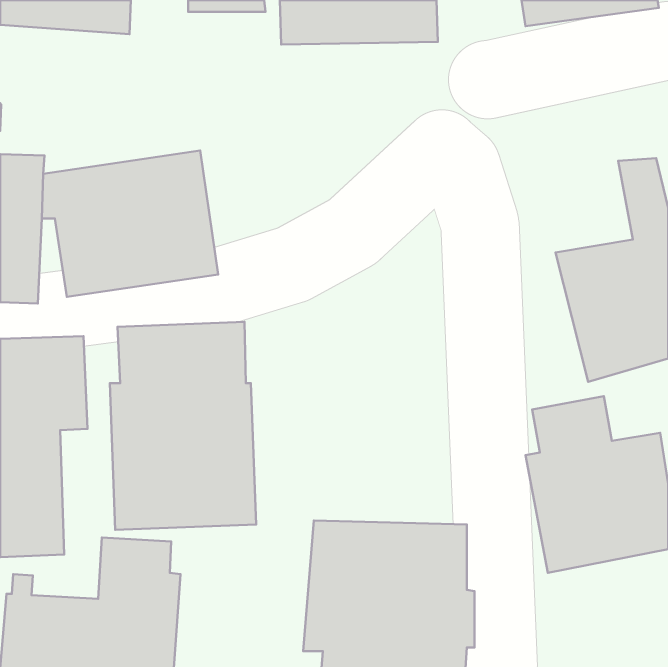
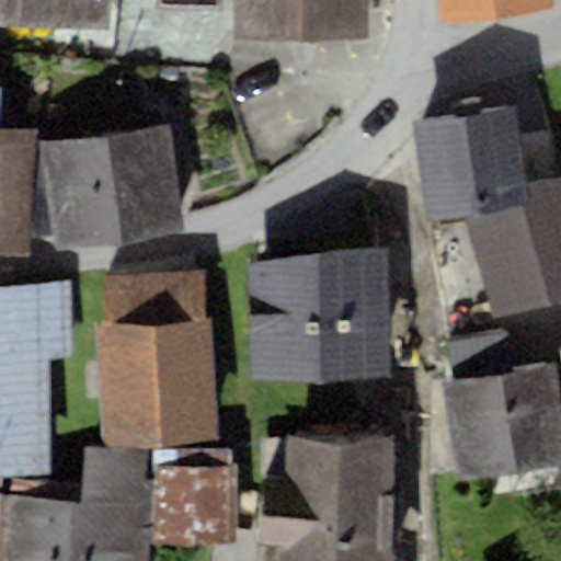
building: none -> [414,107,530,218]
building: none -> [250,250,391,385]
building: none -> [157,469,241,545]

